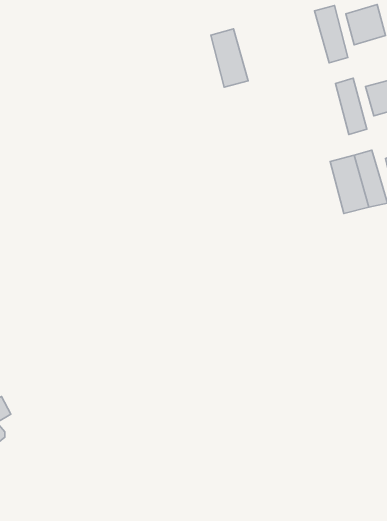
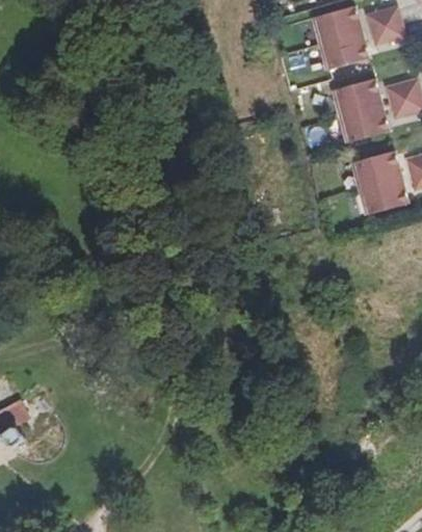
building: [211,29,248,87] -> [313,11,350,70]
building: none -> [332,84,370,141]

